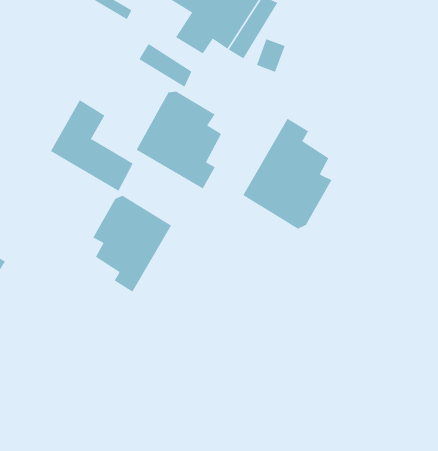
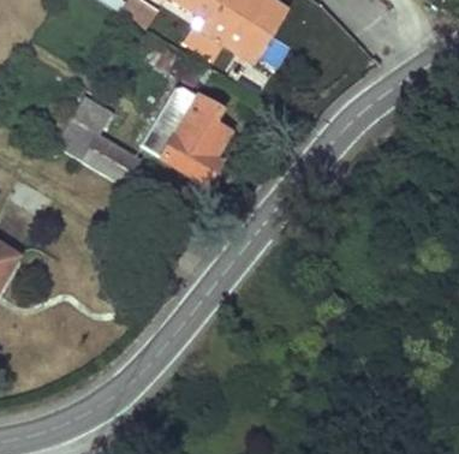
building: [243,118,332,229] -> none
building: [92,195,172,292] -> none

